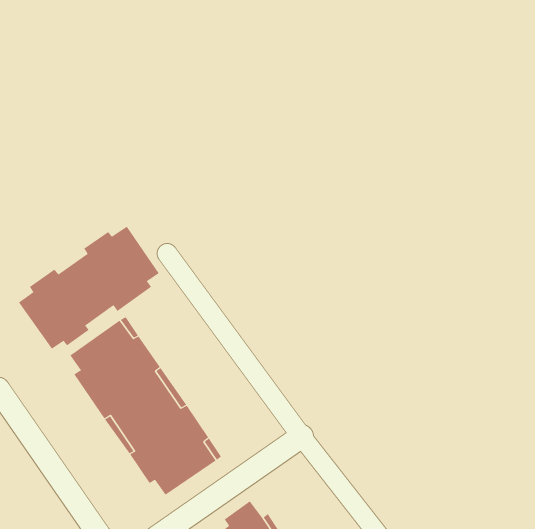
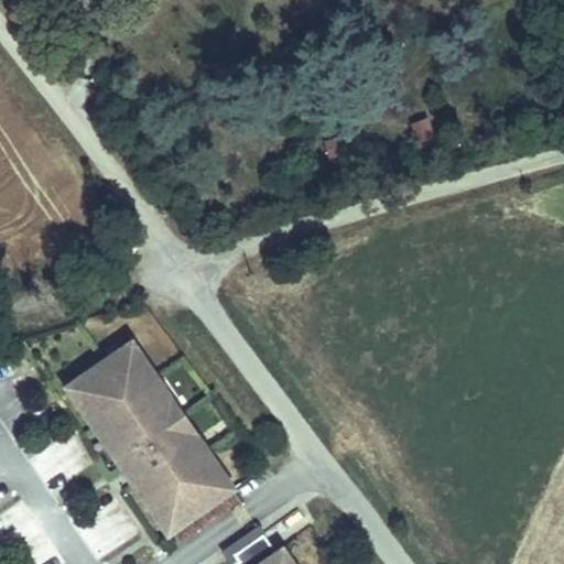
building: [18,226,159,350] -> none

